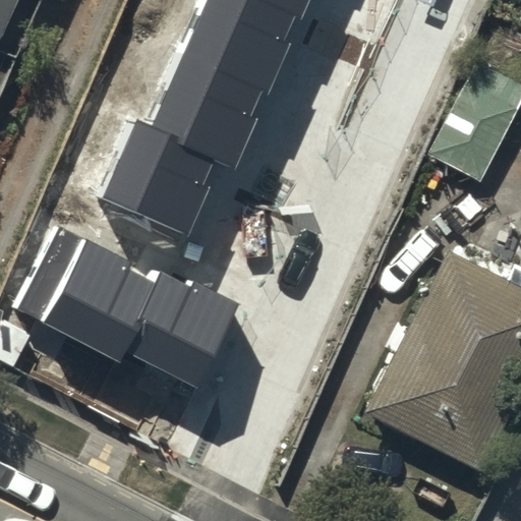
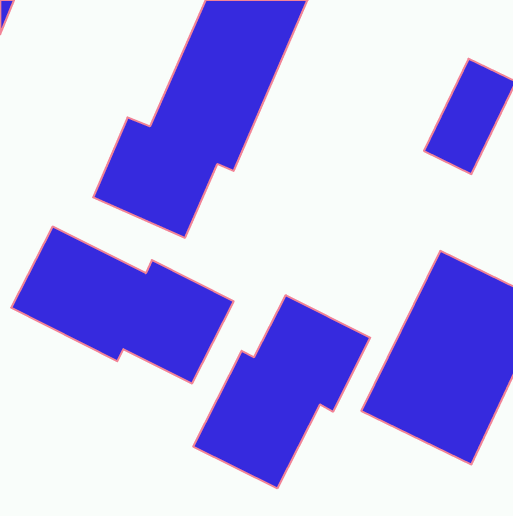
building: none -> [193,295,370,488]

